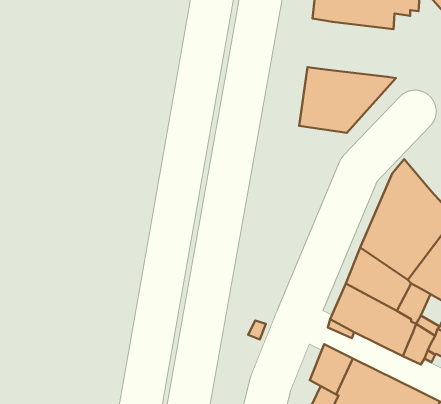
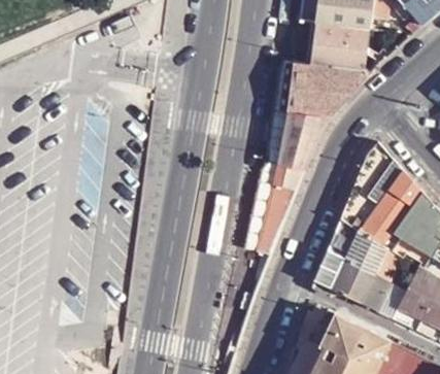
building: none -> [312,23,370,70]
building: none -> [258,112,329,256]

